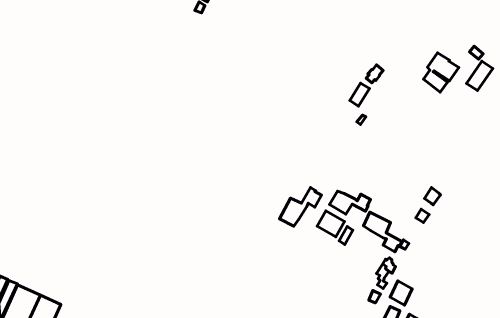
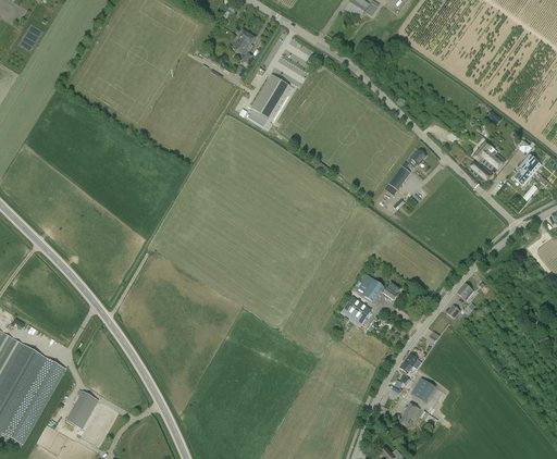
building: none -> [247,74,288,125]
building: [279,187,322,226] -> none
building: [364,212,402,252] -> none

